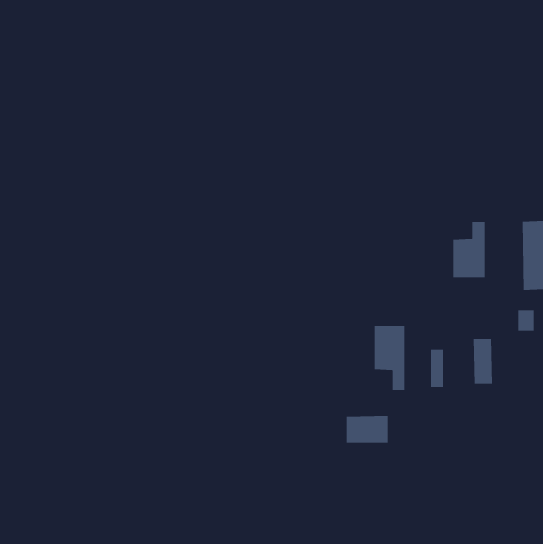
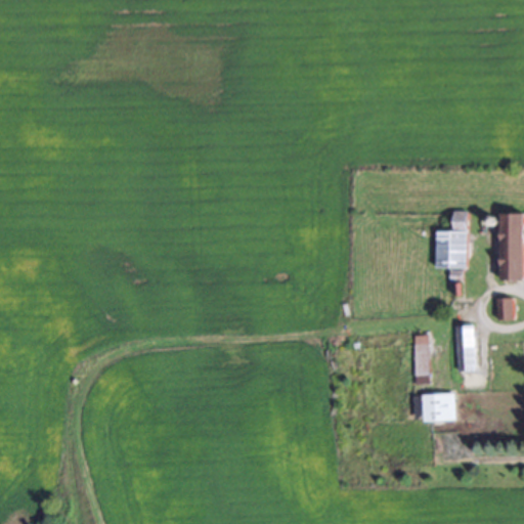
building: [374,325,405,391] -> none
building: [346,415,388,443] -> [414,393,455,420]

